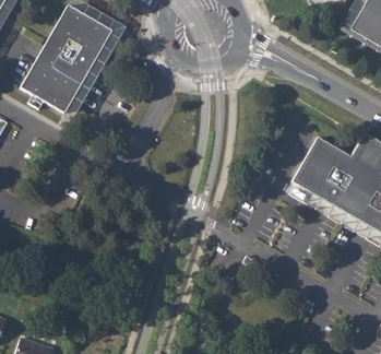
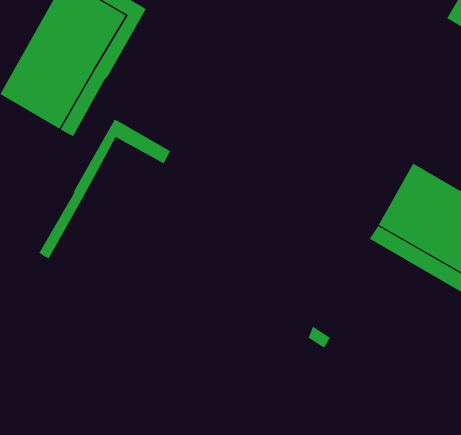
building: none -> [38,119,171,259]

